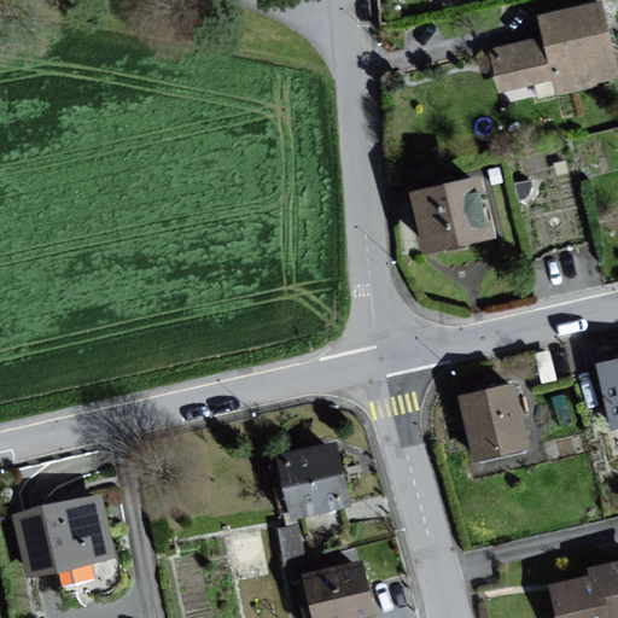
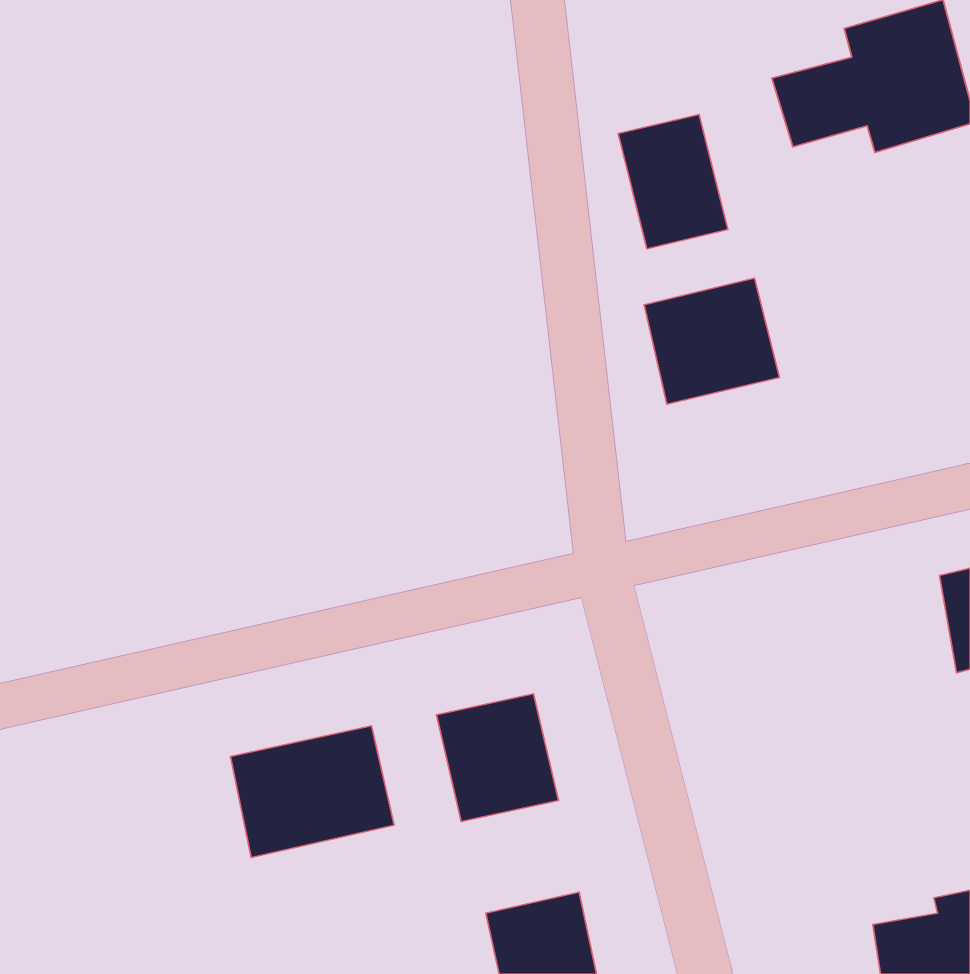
building: none -> [618,114,728,249]
building: [460,386,531,462] -> none
building: [13,499,117,582] -> [230,726,394,857]

